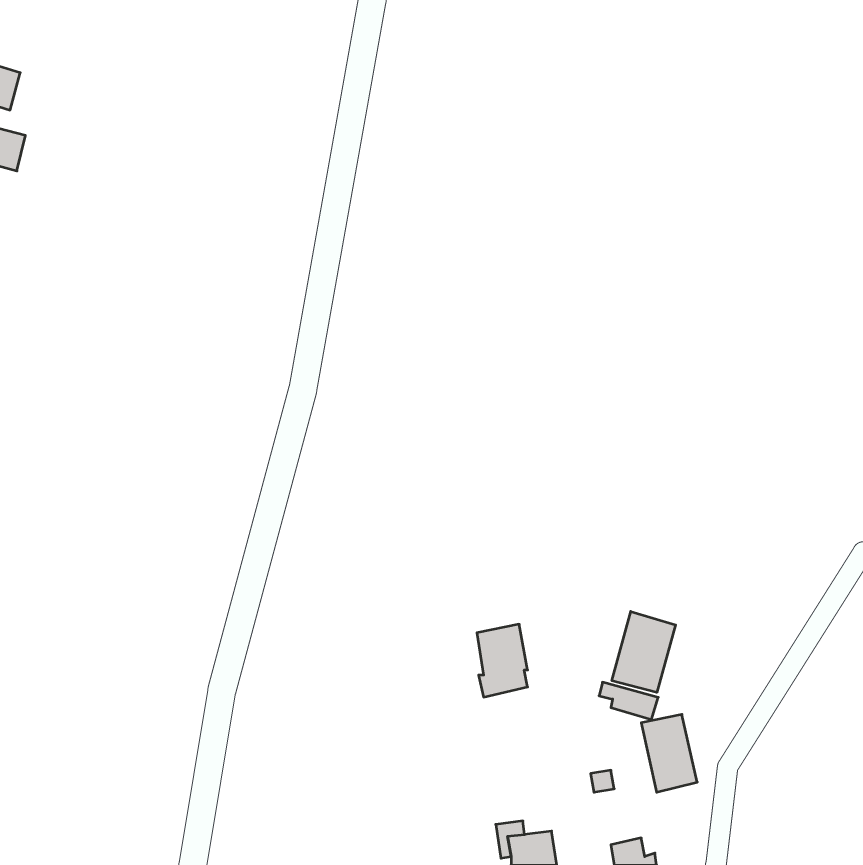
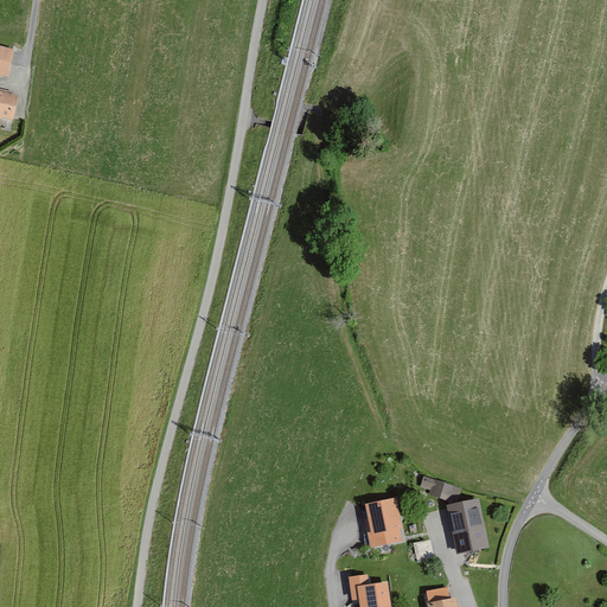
building: [612,611,676,692] -> none
building: [477,624,528,697] -> [365,497,401,548]

